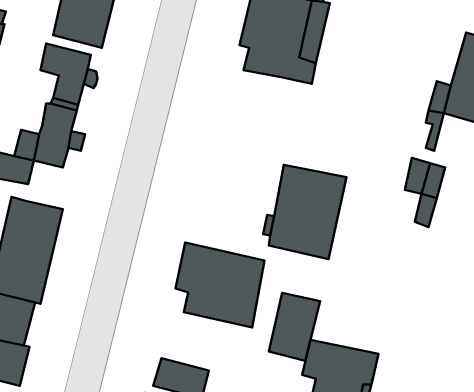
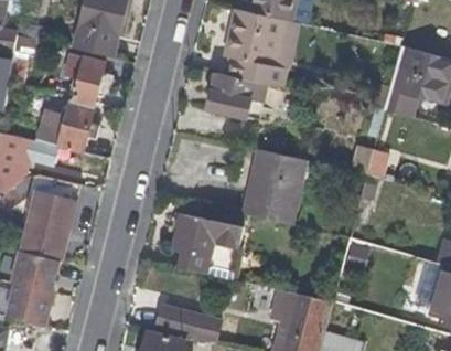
building: none -> [205,73,255,117]
building: [269,293,320,361] -> none

